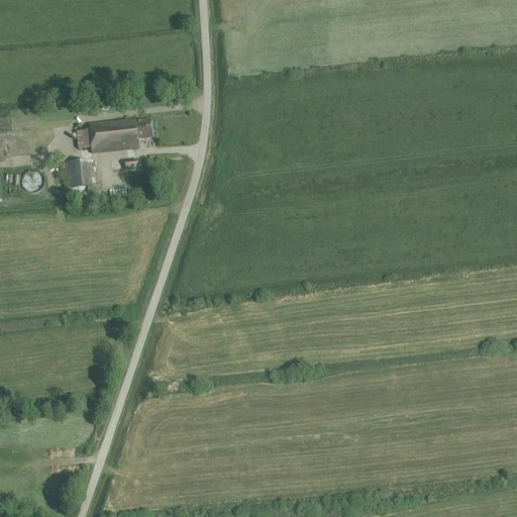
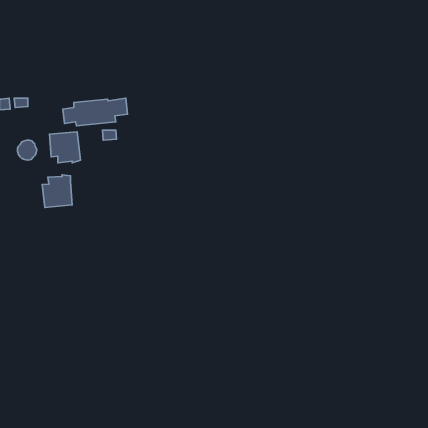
building: none -> [42,175,72,207]

